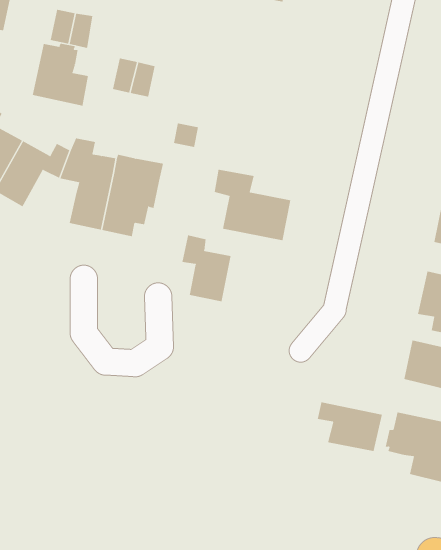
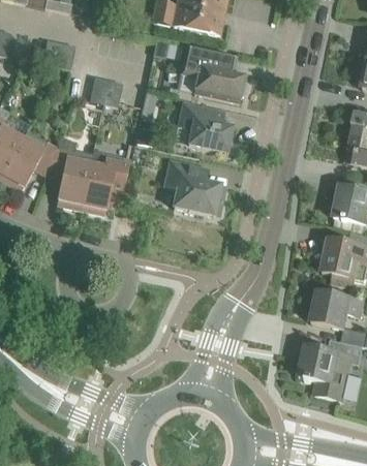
building: none -> [180,43,244,101]
building: [32,43,89,106] -> none
building: none -> [176,100,233,153]
building: [182,235,231,302] -> none
building: [317,401,383,452] -> none

